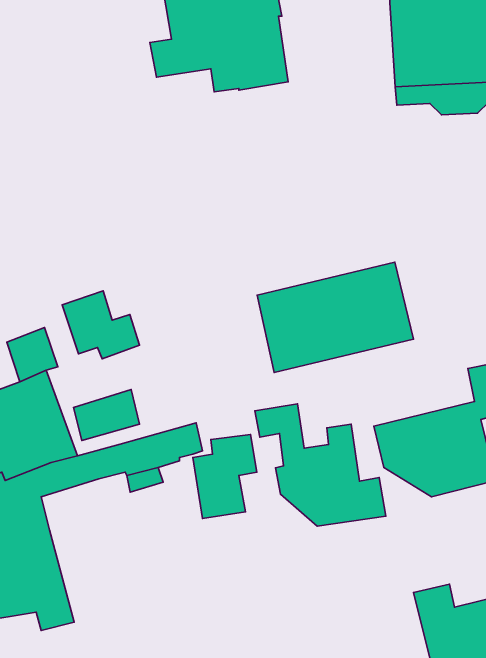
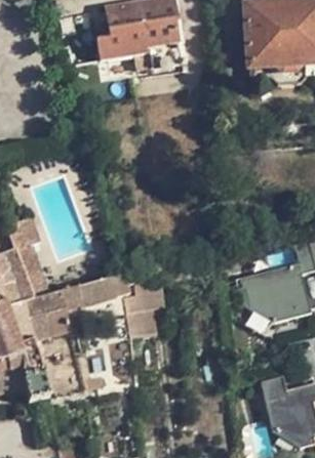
building: [257,262,413,373] -> none
building: [62,291,140,359] -> none
building: [74,390,139,441] -> [28,310,69,342]
building: [255,404,386,526] -> none

